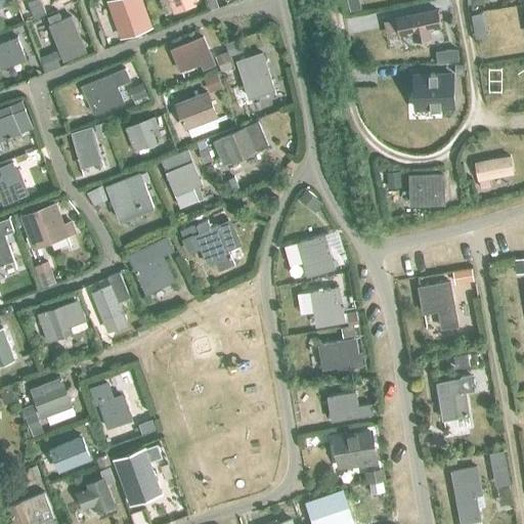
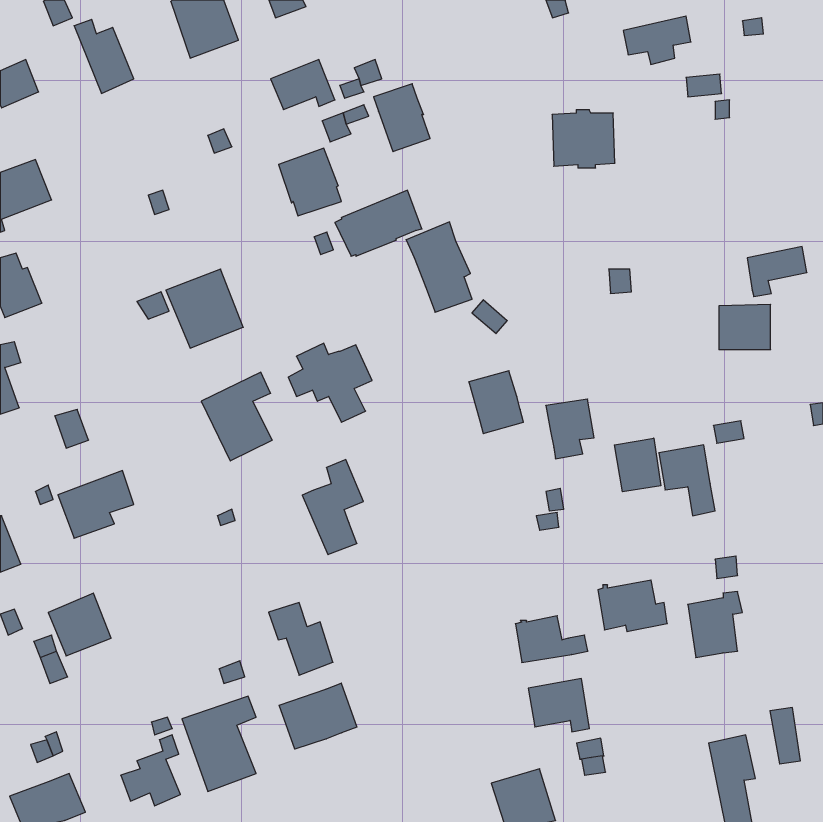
building: [83,70,129,114] -> none
building: [413,74,453,111] -> [552,110,615,168]
building: [126,118,159,152] -> none
building: [71,127,101,167] -> none
building: [161,150,203,208] -> [406,222,472,312]
building: [410,176,443,205] -> [719,304,771,350]
building: [21,203,75,248] -> none
building: [92,272,131,333] -> [302,460,363,555]
building: none -> [614,438,661,492]
building: [311,288,342,325] -> [546,399,594,459]
building: [319,339,363,372] -> [598,580,667,632]
building: [89,382,130,428] -> [269,603,333,675]
building: none -> [279,683,357,749]
building: [51,438,89,470] -> none

